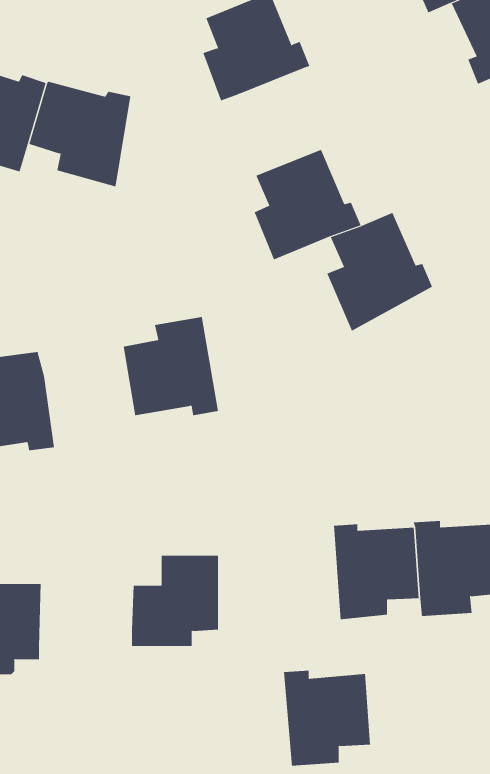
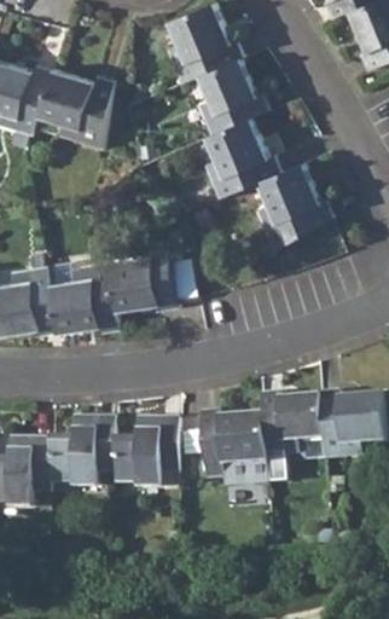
building: none -> [190,59,268,138]
building: none -> [46,262,118,336]
building: none -> [47,415,115,481]
building: [283,670,371,766] -> [202,407,266,478]

